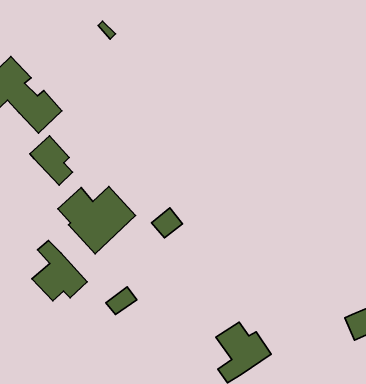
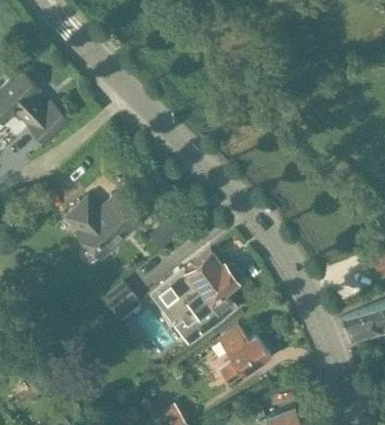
building: [30,136,73,185] -> none
building: [32,240,87,301] -> none
building: none -> [149,248,246,345]

